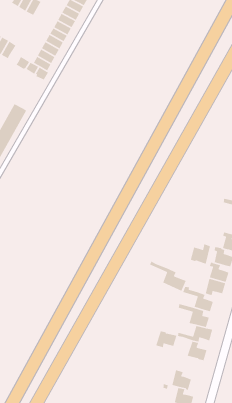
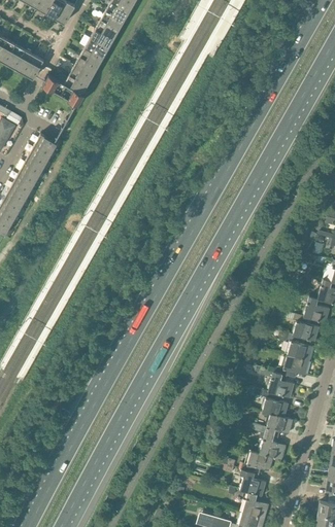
building: [190,243,211,265] -> none
building: [149,261,187,292] -> none
building: [155,330,177,348] -> [245,450,273,472]

